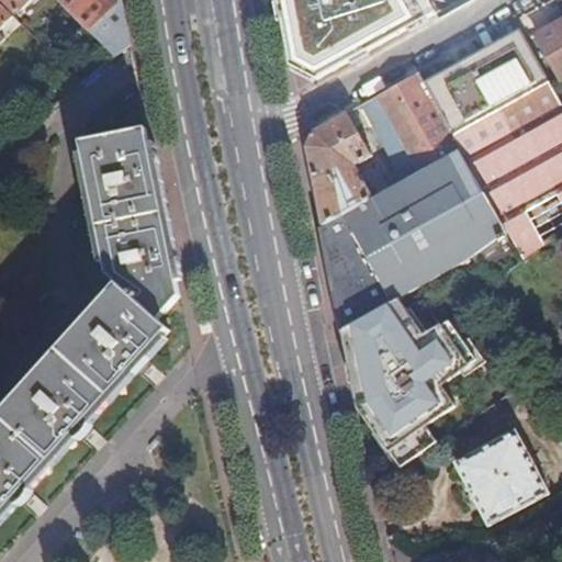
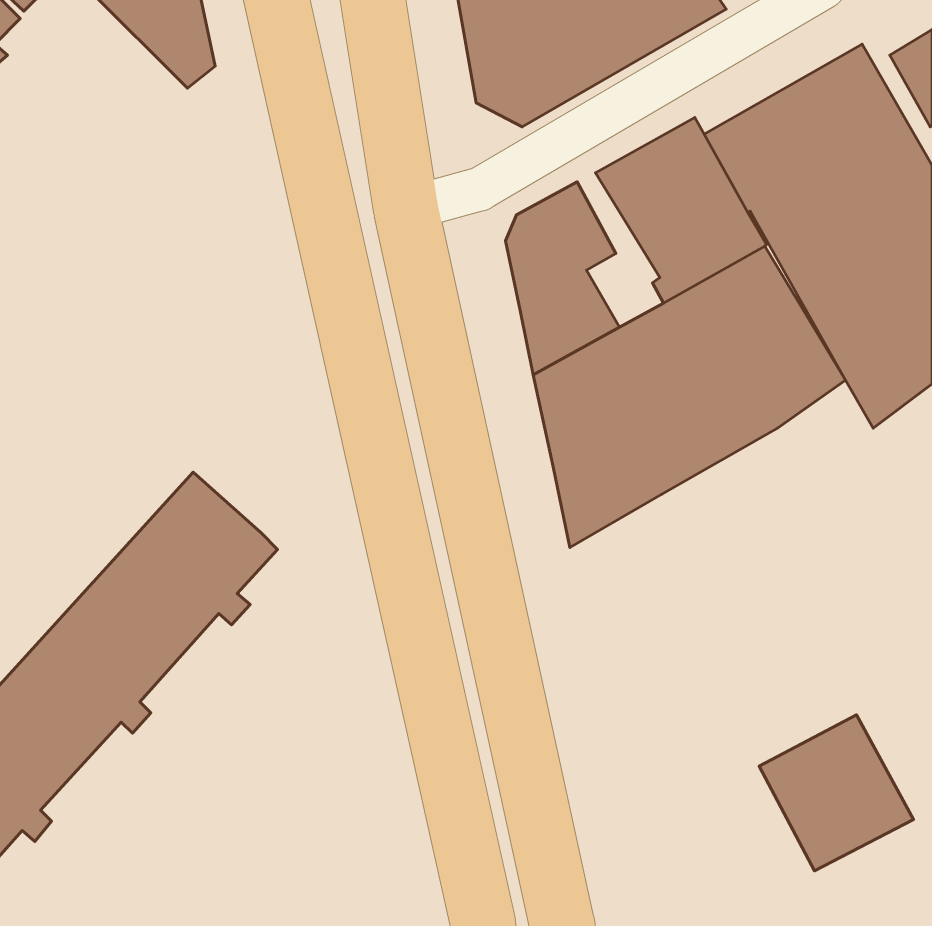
building: [80,125,178,318] -> none
building: [340,295,475,464] -> none

